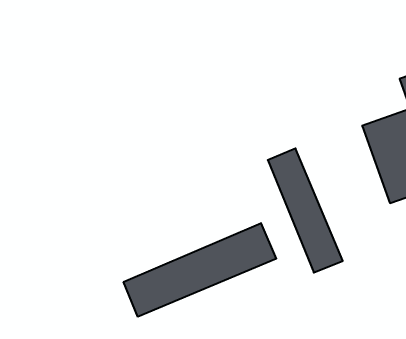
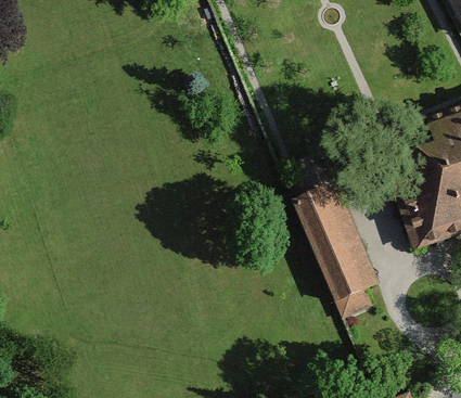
building: [124,223,276,317] -> none

